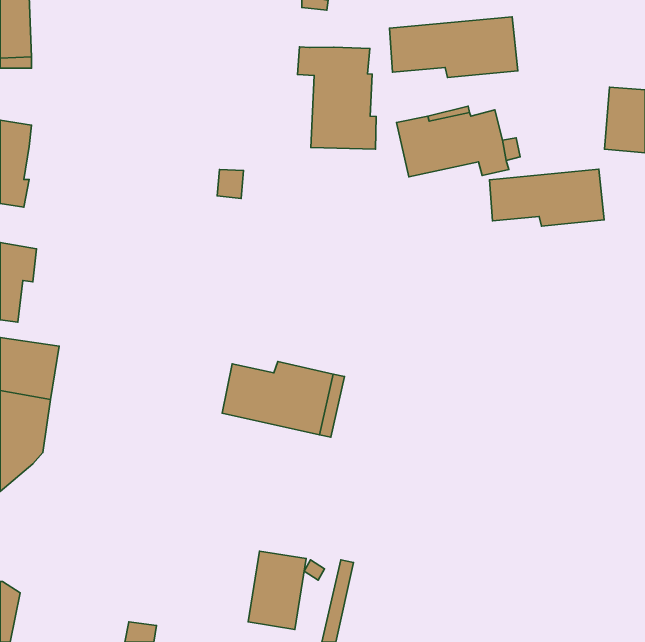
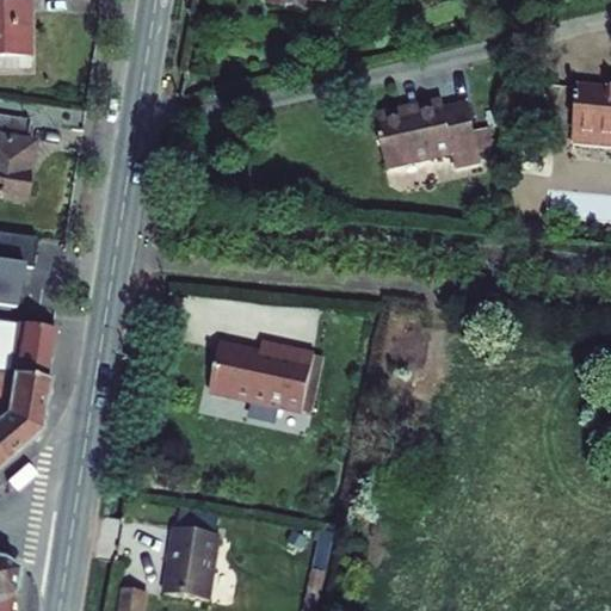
building: [389,17,518,78] -> none
building: [298,47,376,149] -> none
building: [489,169,604,226] -> none
building: [248,551,306,629] -> [165,526,220,600]

